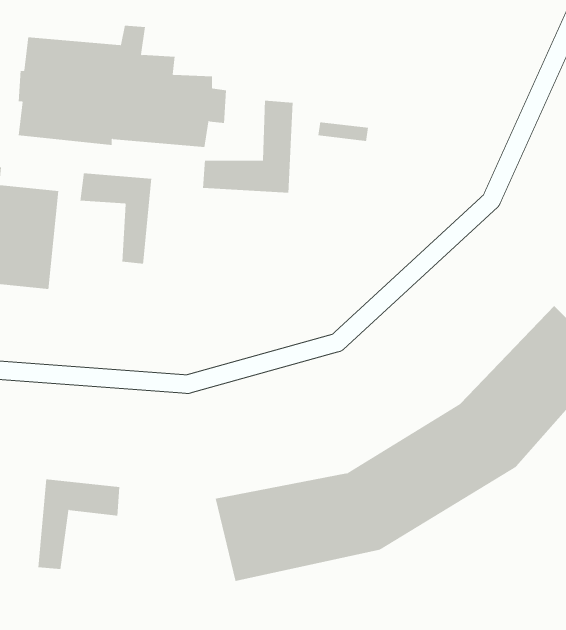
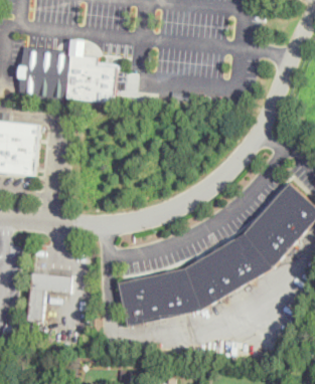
building: [203,100,293,194] -> none
building: [80,173,152,265] -> none

